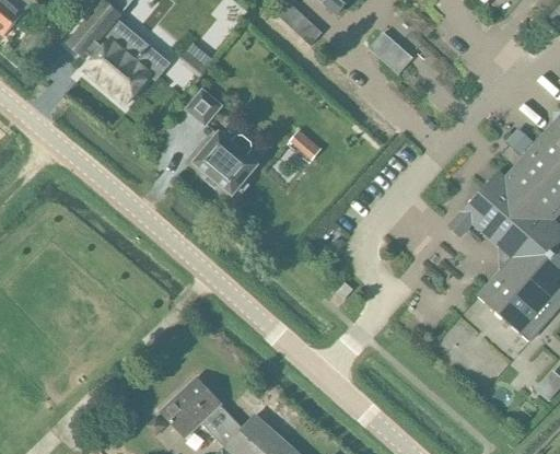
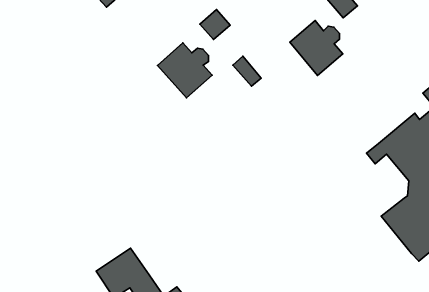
building: none -> [290,21,343,75]
building: [186,90,221,125] -> [200,10,230,40]

